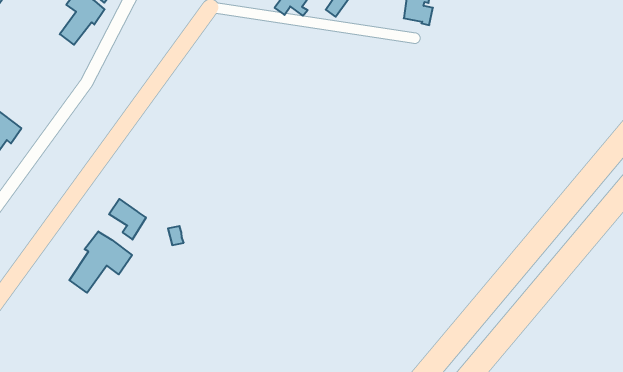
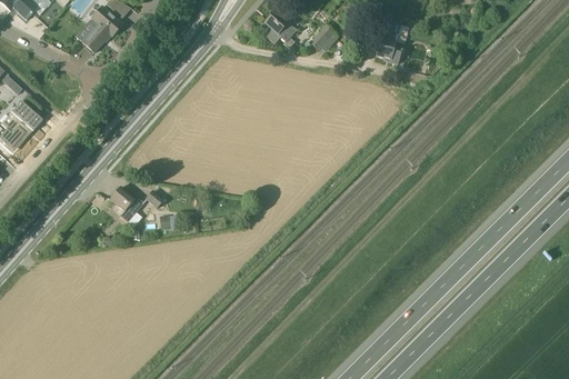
building: [69,231,132,293] -> none

